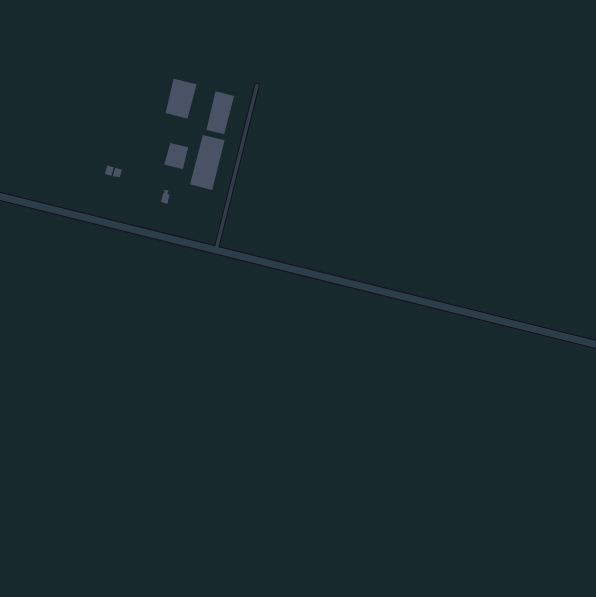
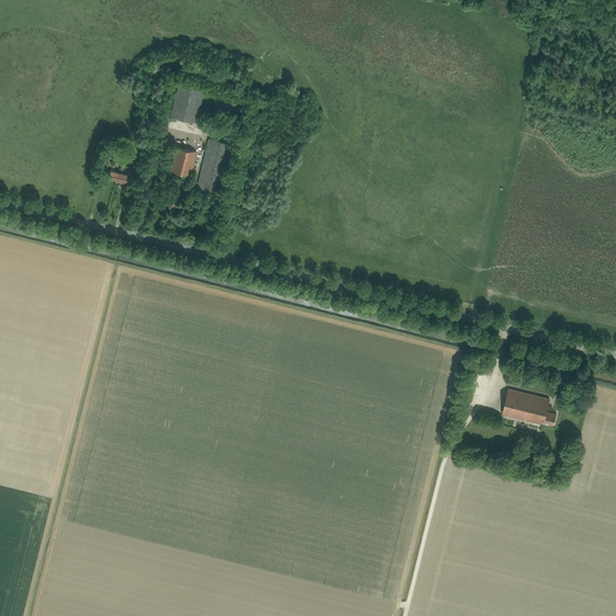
building: [206,90,235,135] -> none
building: none -> [502,389,555,425]

